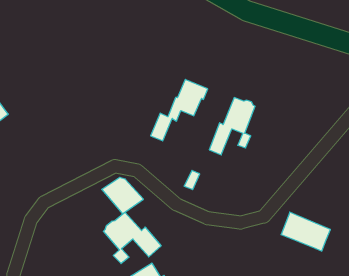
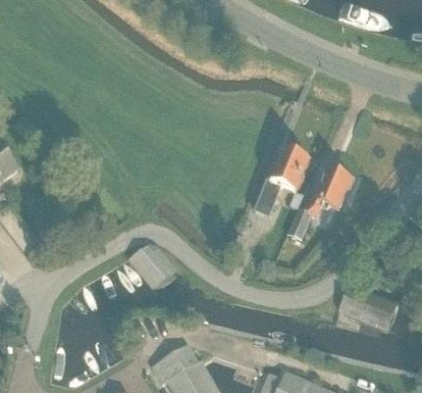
building: [151,79,208,141] -> [287,168,355,241]
building: [103,212,161,264] -> none

